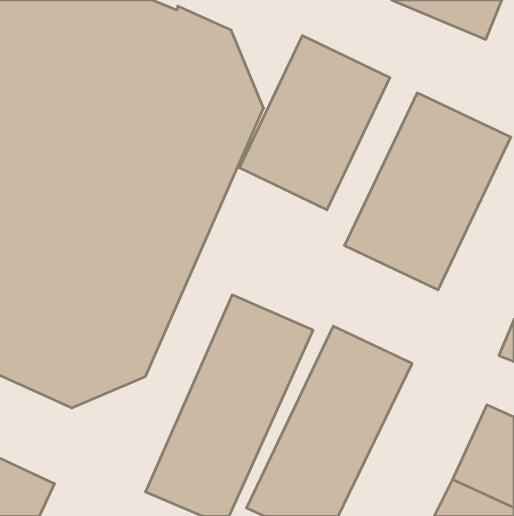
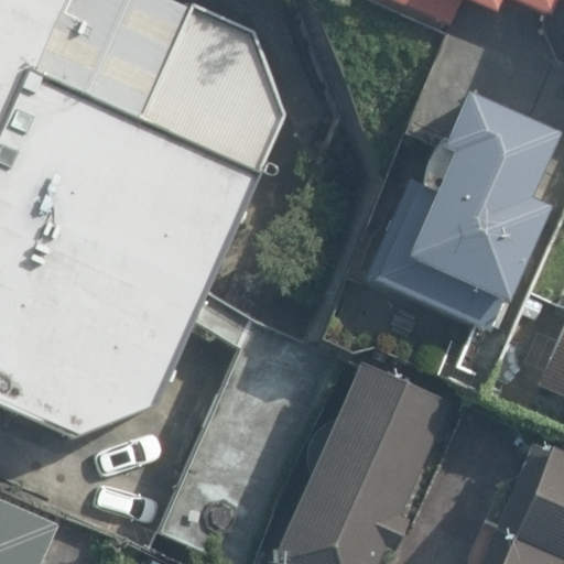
building: [239,36,390,210] -> none

